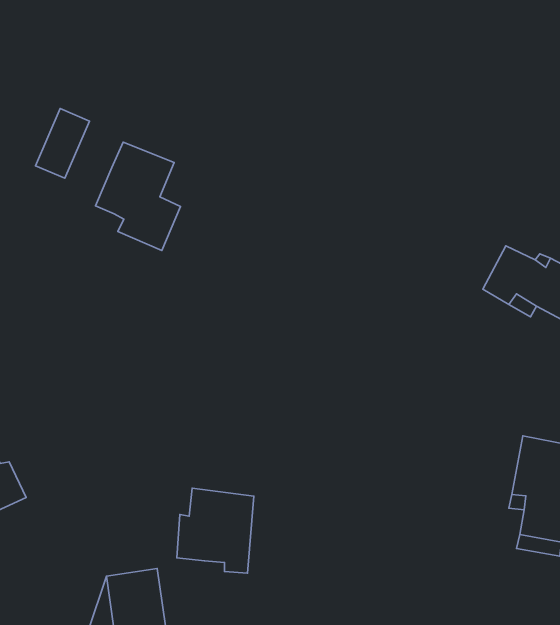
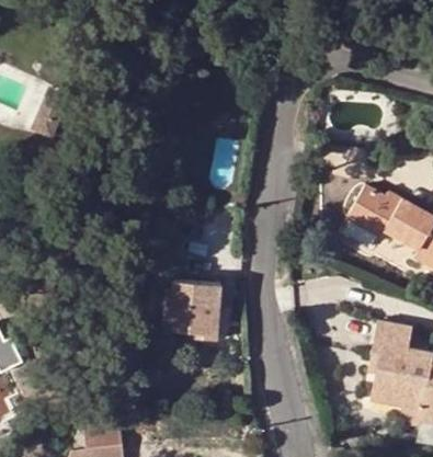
building: [95,142,181,251] -> none
building: [177,488,254,573] -> [164,281,219,341]

